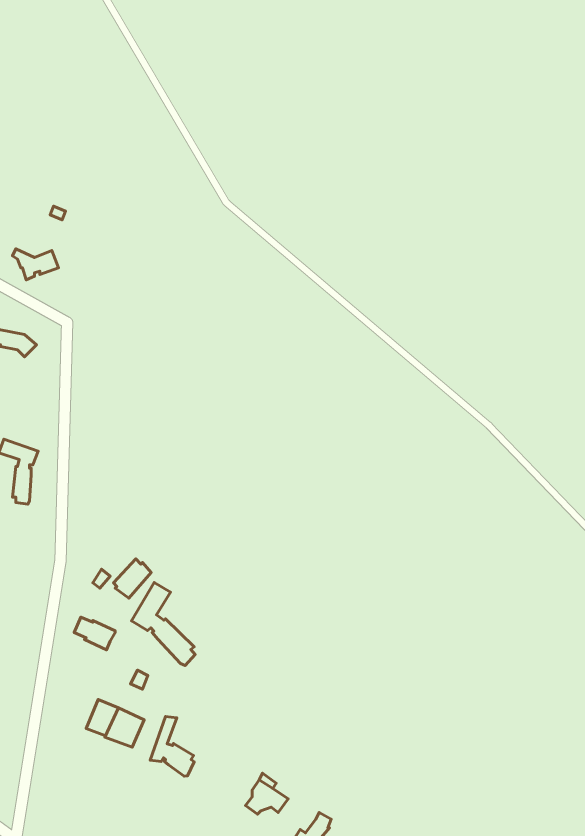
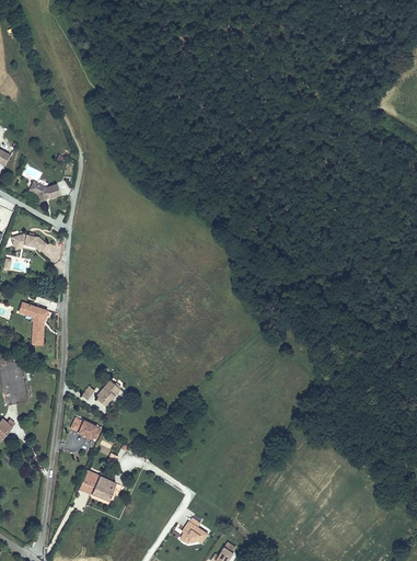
building: [131,583,195,665] -> none
building: [150,717,194,776] -> none

